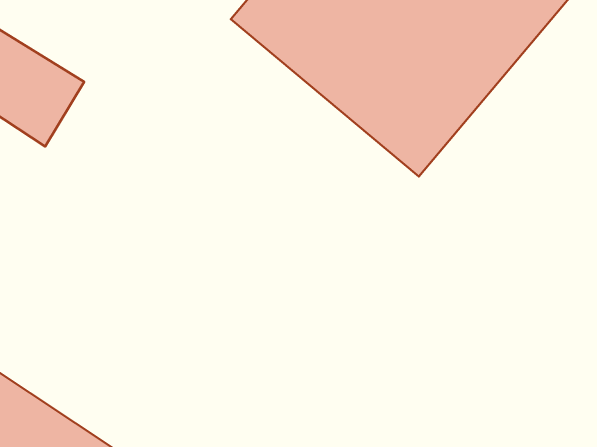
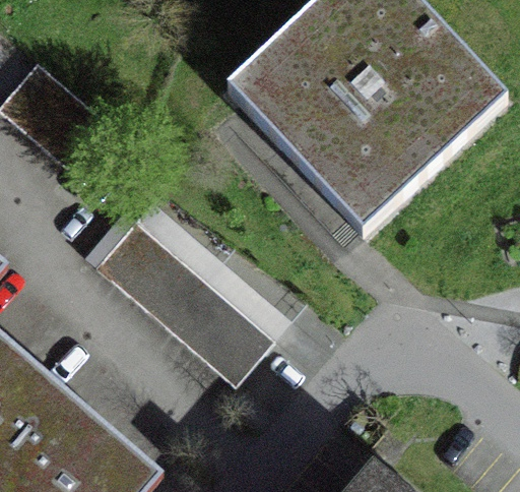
building: none -> [94,220,269,383]

